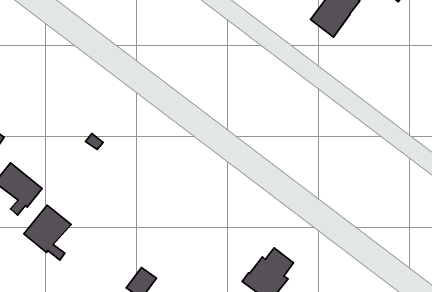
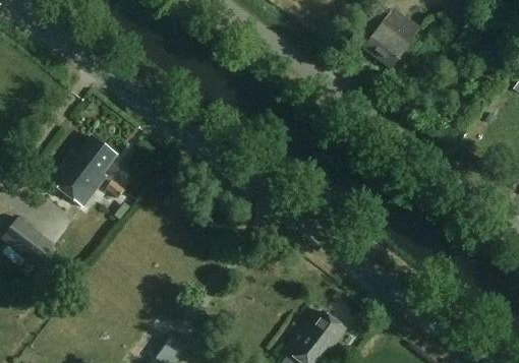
building: none -> [52,136,117,206]
building: [24,205,71,260] -> none

